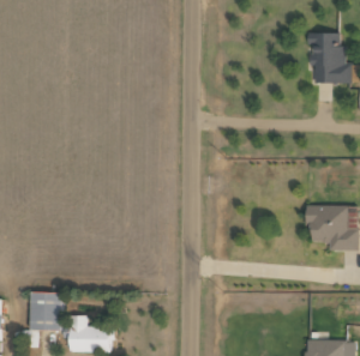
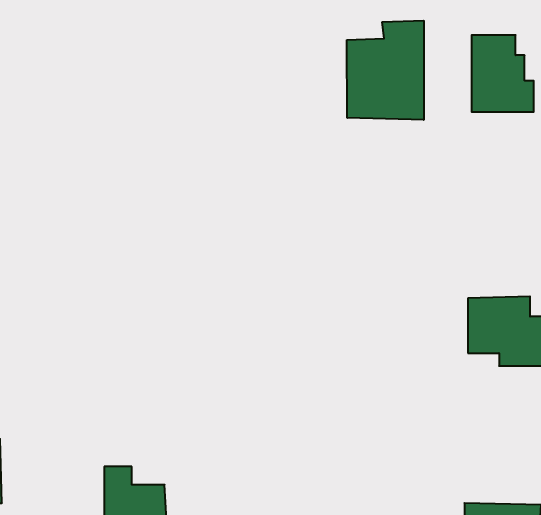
building: none -> [347,21,424,120]
building: [30,290,61,330] -> none

